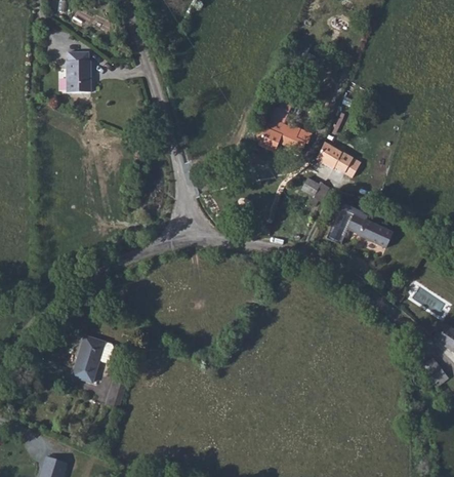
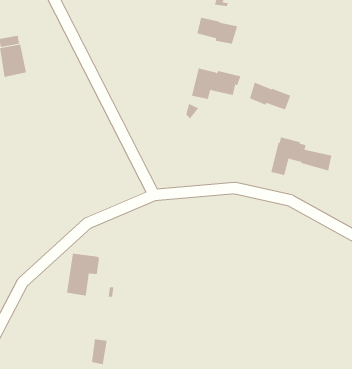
building: none -> [197,17,238,45]
building: [301,177,329,205] -> none
building: [72,335,113,383] -> [66,253,100,296]

